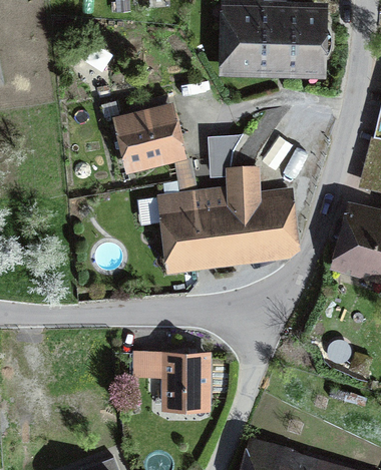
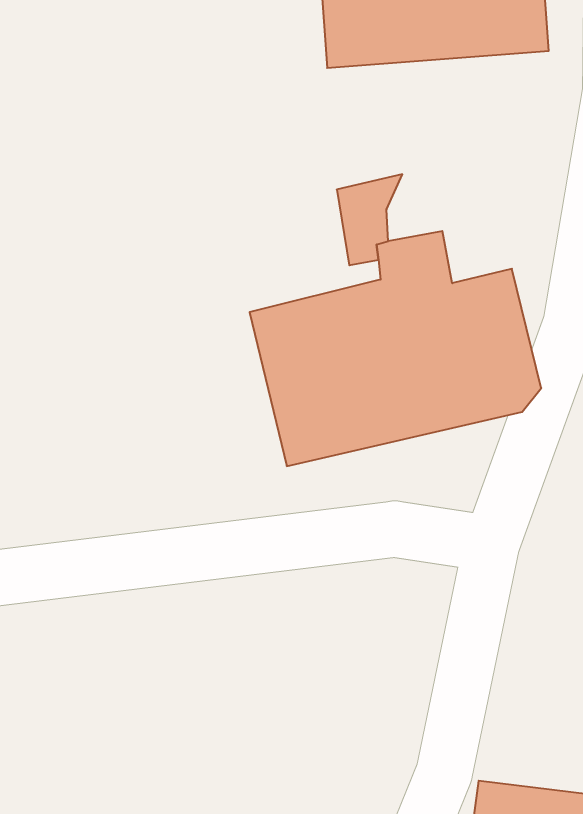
building: [107,102,185,175] -> none
building: [134,353,210,412] -> none

